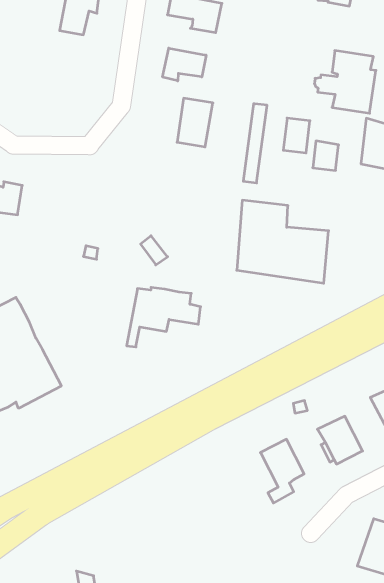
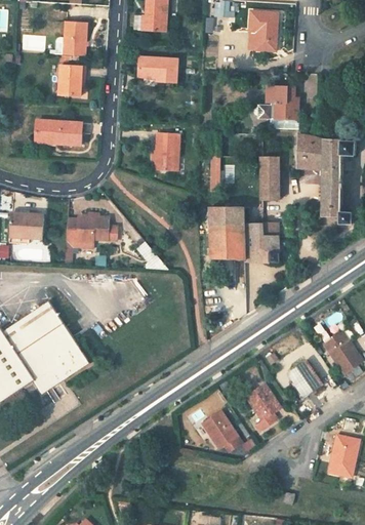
building: [163,48,206,81] -> none
building: none -> [34,120,81,145]
building: [283,118,310,153] -> [260,175,278,200]
building: [127,287,201,347] -> [64,216,116,262]
building: none -> [203,410,243,451]

